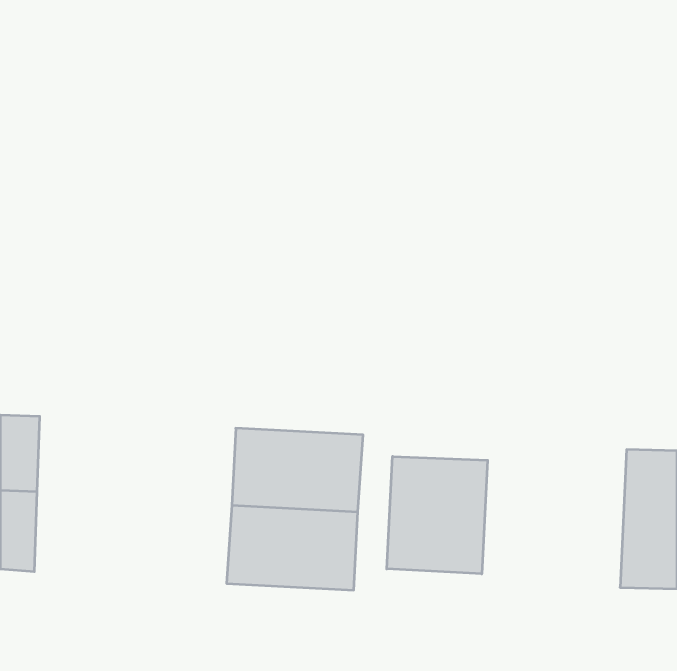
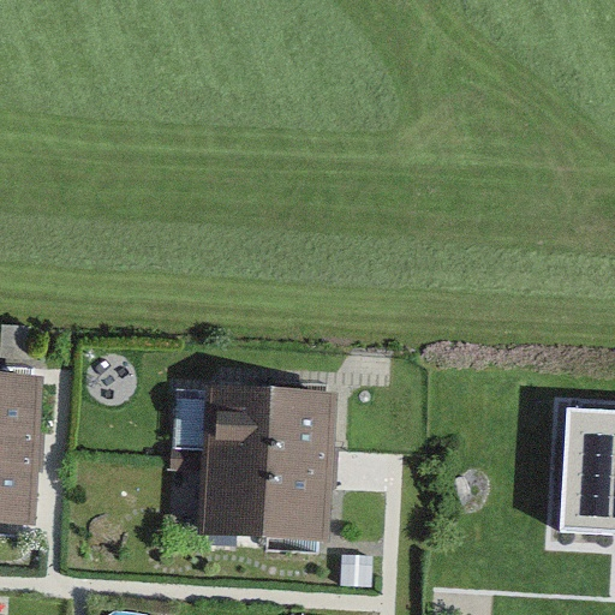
building: [387,456,488,574] -> none

